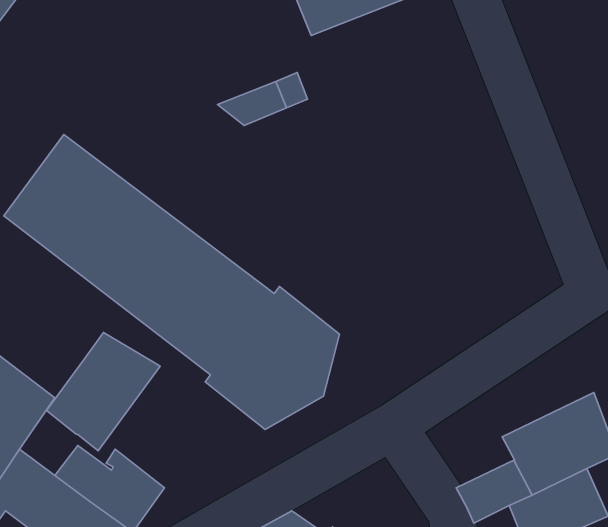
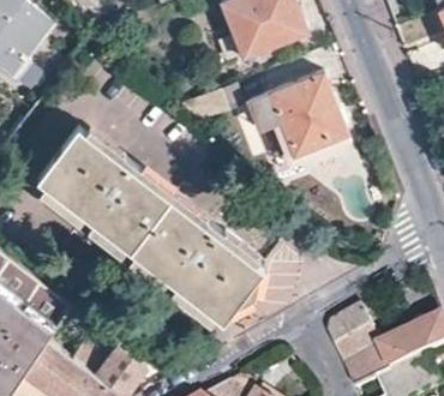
building: none -> [244,71,348,162]
building: [46,332,160,451] -> none
building: none -> [325,306,379,366]

